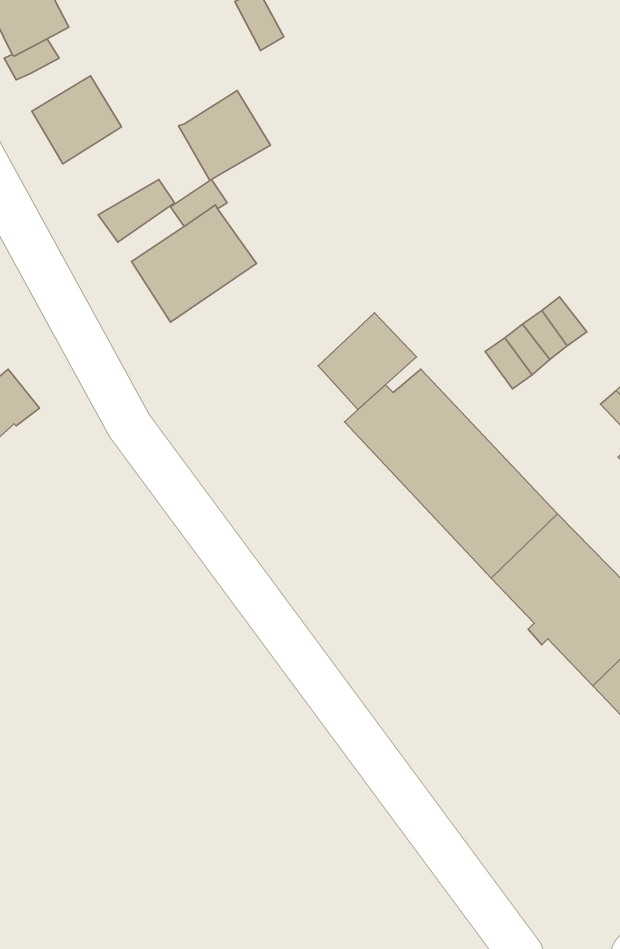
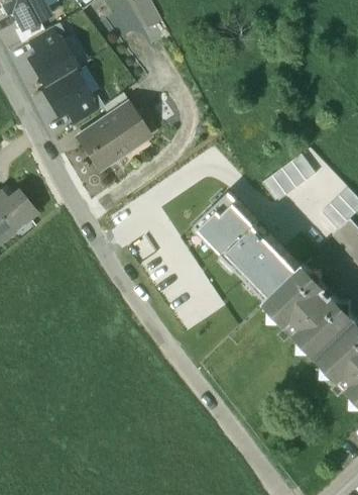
building: none -> [28,25,67,56]
building: [179,91,270,180] -> [42,70,90,116]
building: [318,313,416,409] -> none

